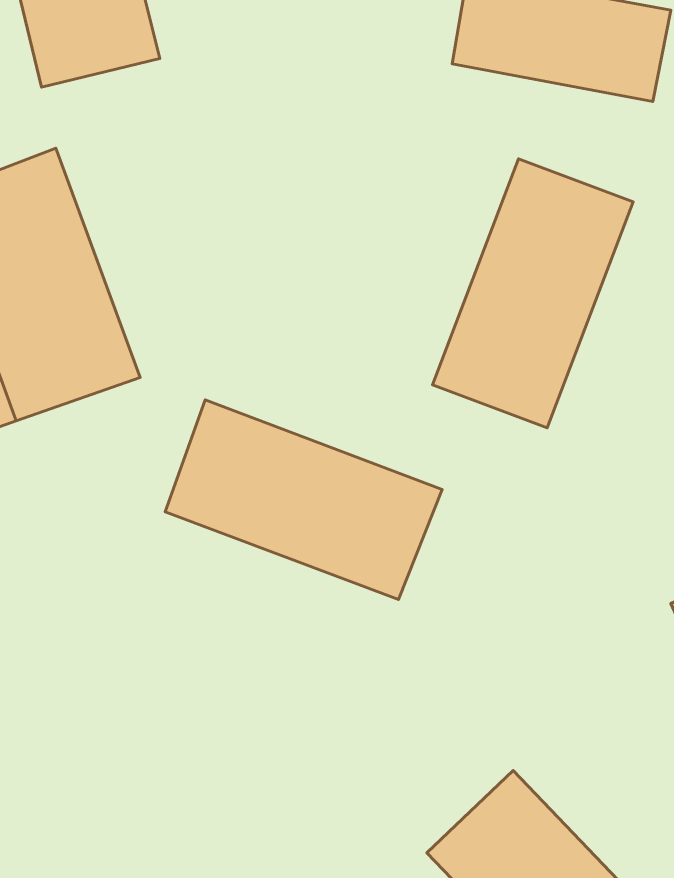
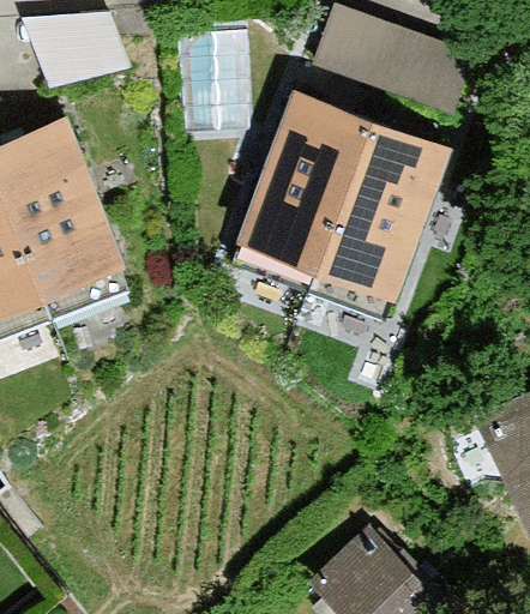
building: none -> [237,97,373,278]
building: [165,400,442,599] -> none

